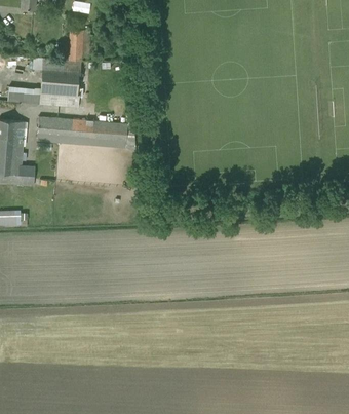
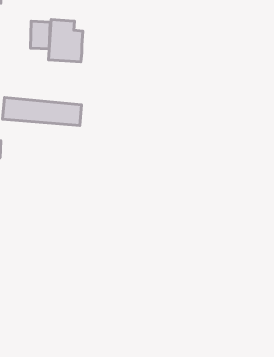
building: [39,58,78,106] -> [49,20,83,62]

